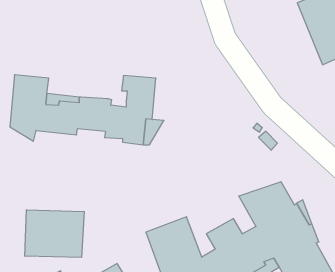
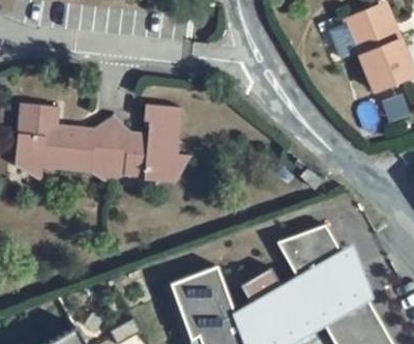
building: [25,210,84,257] -> none

